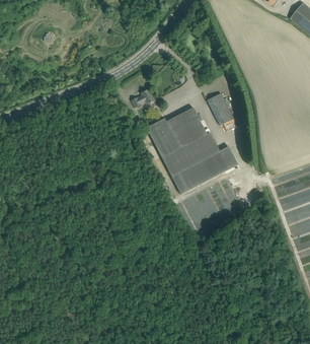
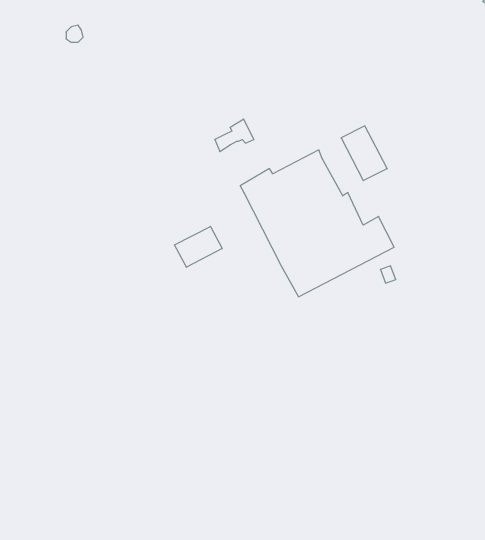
building: none -> [174,226,222,267]

